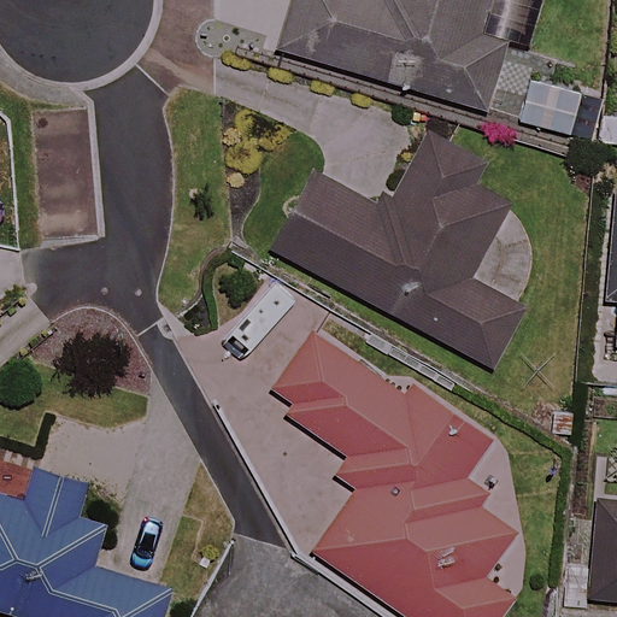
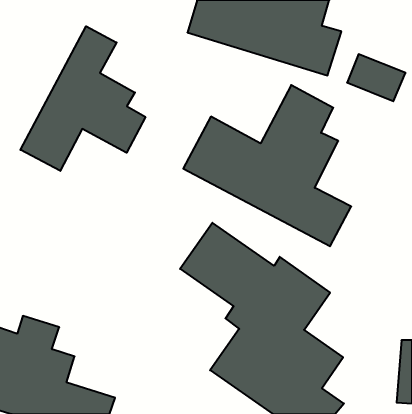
building: none -> [20,26,145,171]

